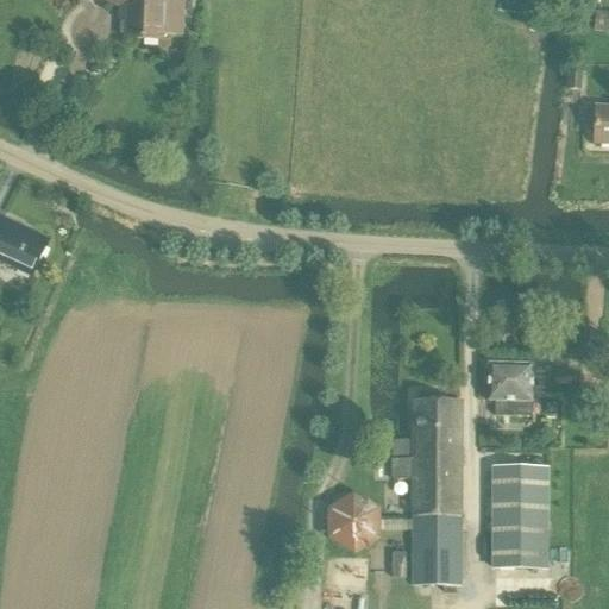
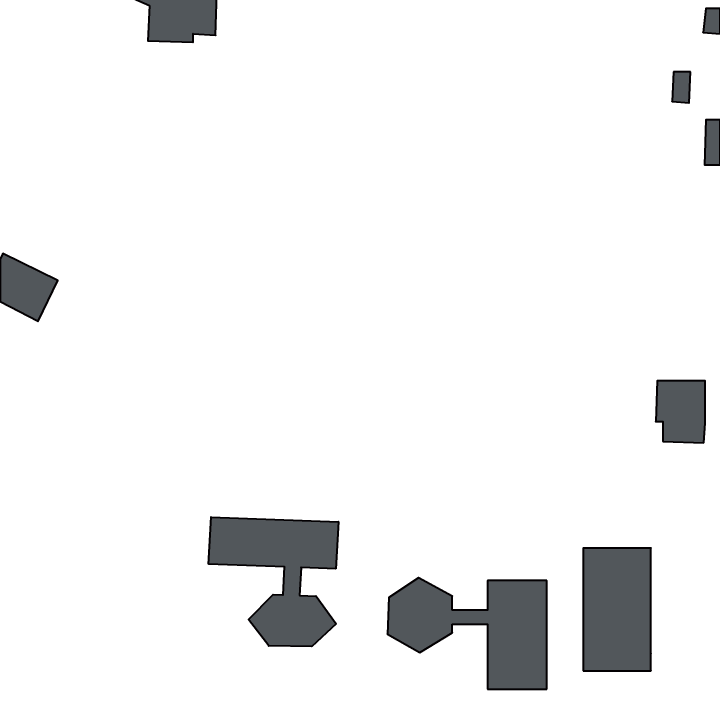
building: [490,362,532,414] -> [656,381,705,443]
building: [390,398,462,490] -> none
building: none -> [209,517,338,646]

